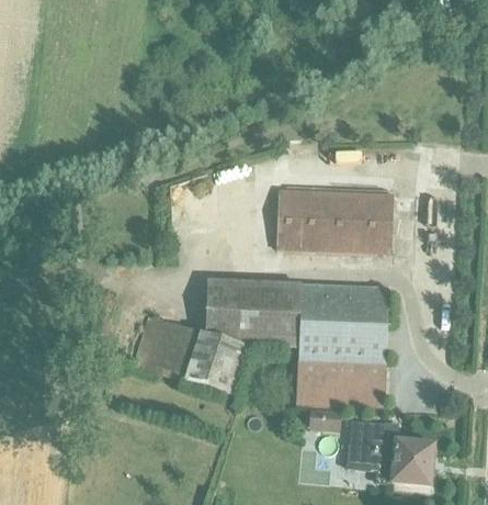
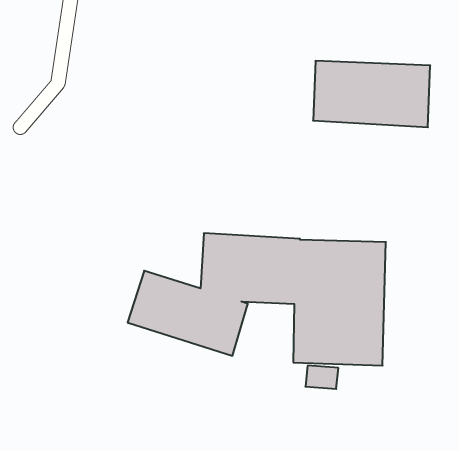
building: [276,187,393,252] -> [313,61,430,127]
building: [345,419,434,485] -> none

